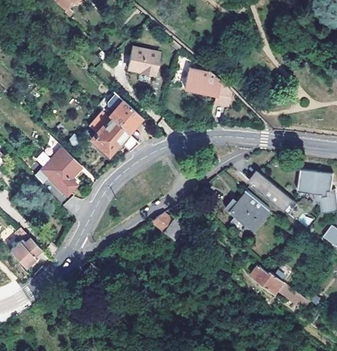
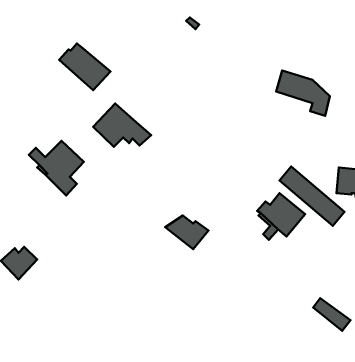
building: [126,45,158,77] -> none
building: [184,70,230,109] -> [276,70,330,116]
building: [98,92,142,132] -> [59,44,111,90]
building: [251,265,285,295] -> none

